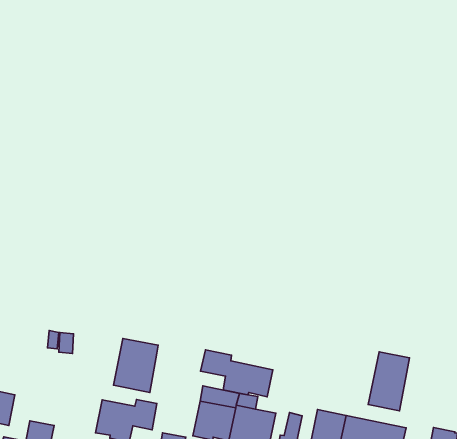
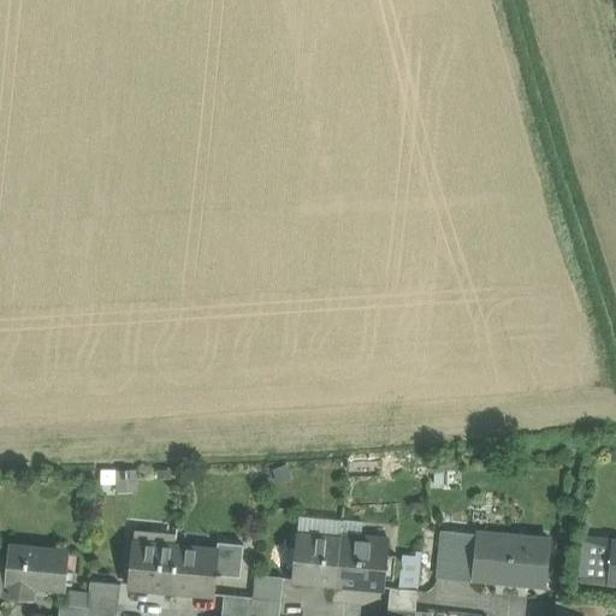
building: [113,338,158,392] -> none
building: [201,350,273,397] -> none
building: [368,352,409,411] -> none
building: none -> [128,543,176,590]

